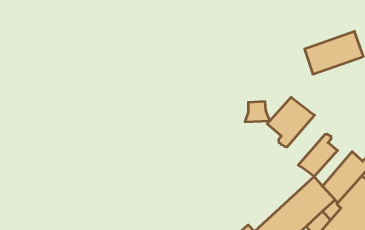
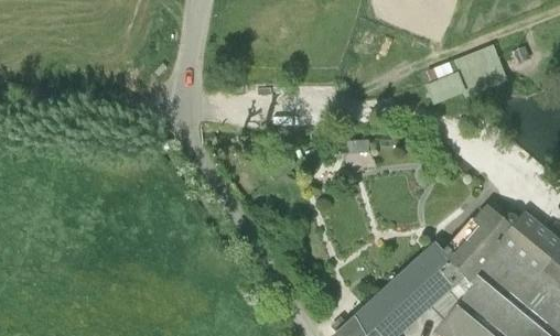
building: [267,97,315,147] -> none
building: [298,134,338,177] -> none

